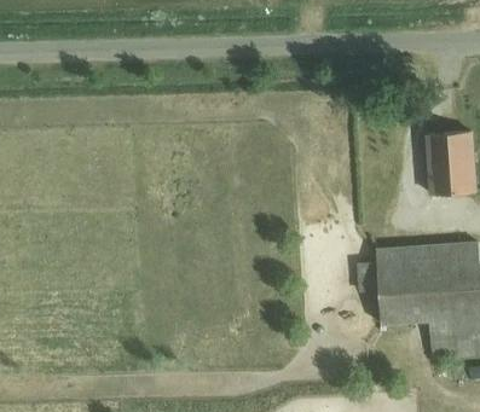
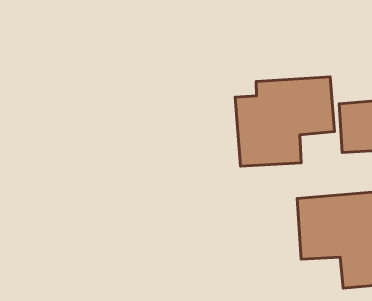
building: none -> [235,77,334,166]

